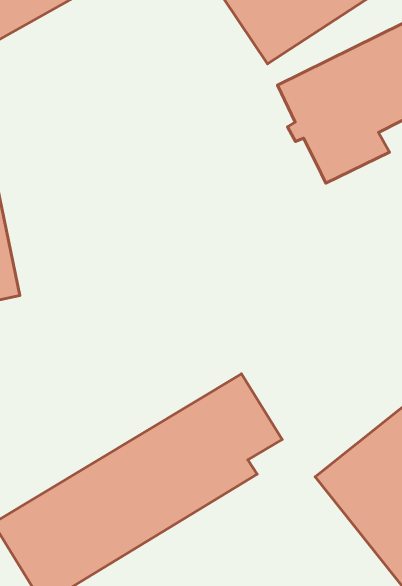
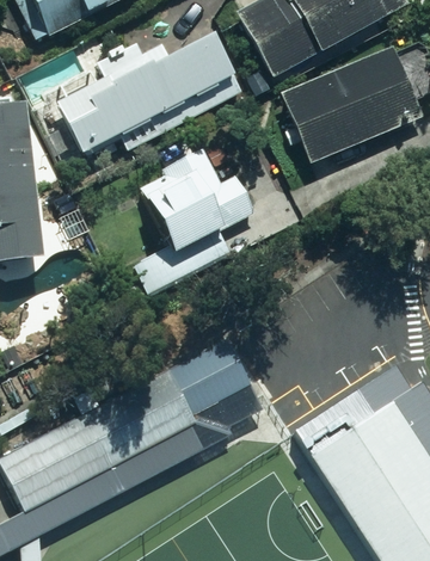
building: none -> [59,37,244,155]
building: none -> [136,147,257,291]

